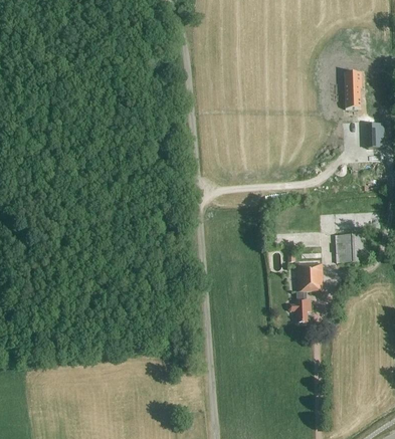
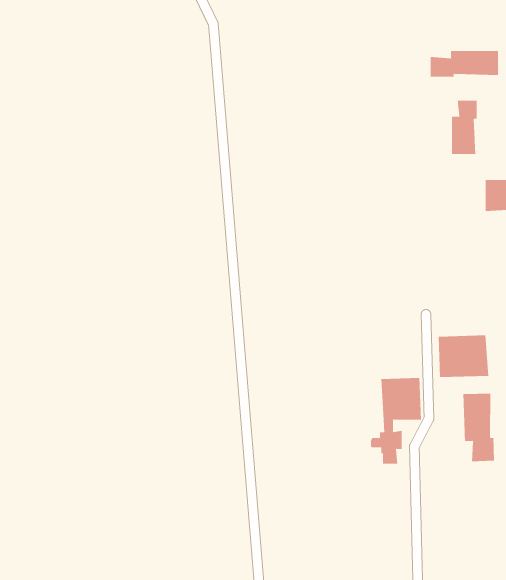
building: none -> [430,50,498,77]
building: none -> [463,393,495,462]

